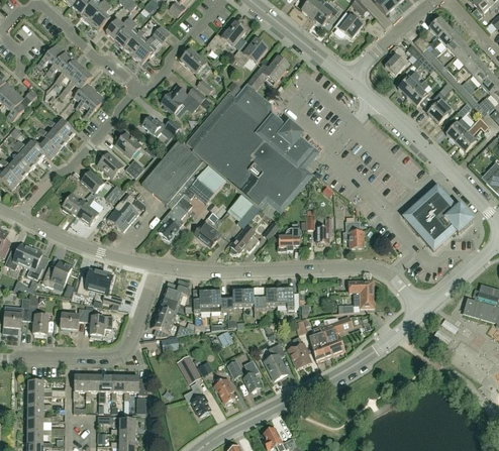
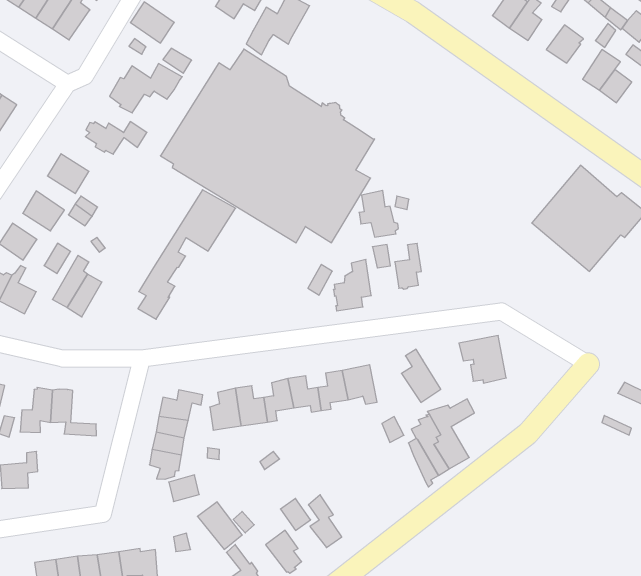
building: [142,140,208,208] -> none
building: [230,194,260,221] -> none
building: [193,220,220,247] -> none
building: [343,220,366,247] -> [359,190,398,237]
building: [230,225,260,252] -> none
building: [84,304,112,337] -> none
building: [288,336,310,368] -> [401,349,441,402]
building: [264,342,287,379] -> none

